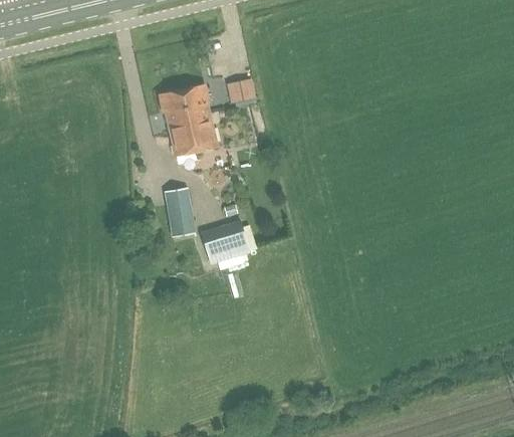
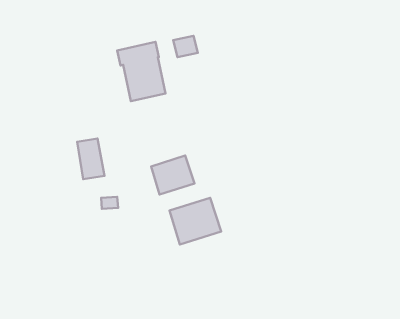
building: [164,188,196,236] -> [77,138,104,179]
building: none -> [170,198,221,245]

